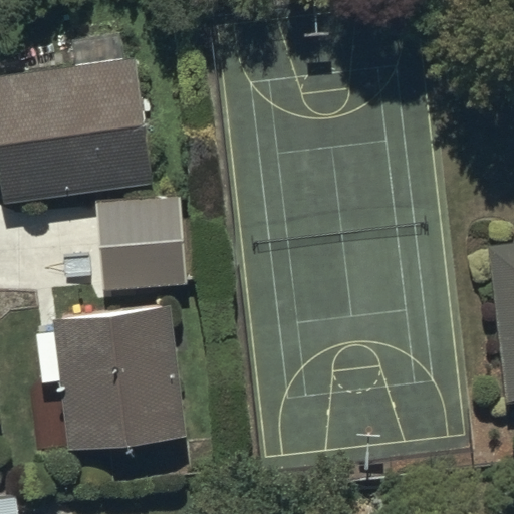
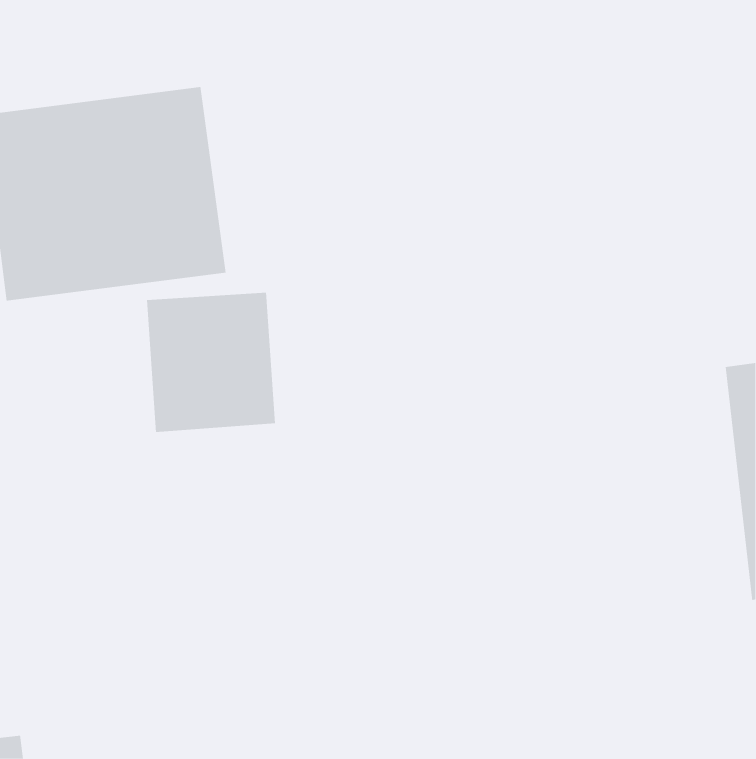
building: [52,307,186,451] -> none

